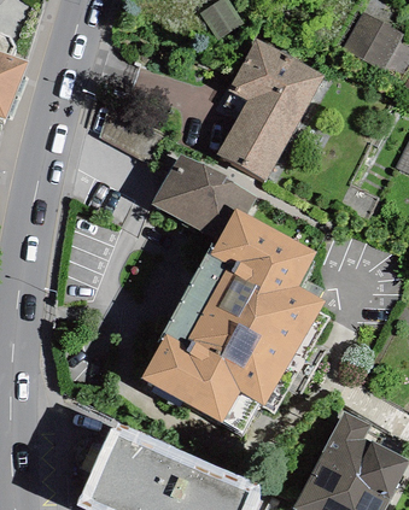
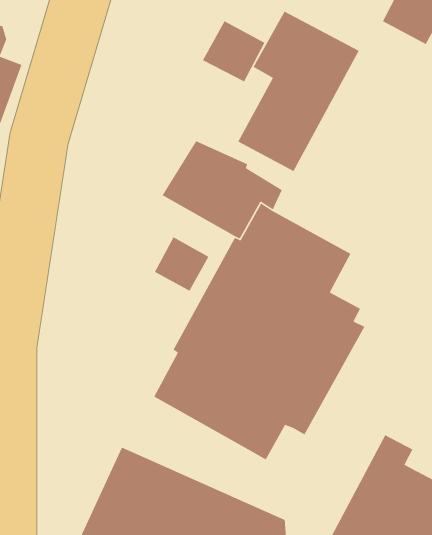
building: none -> [202,20,265,82]
building: none -> [154,236,210,292]

